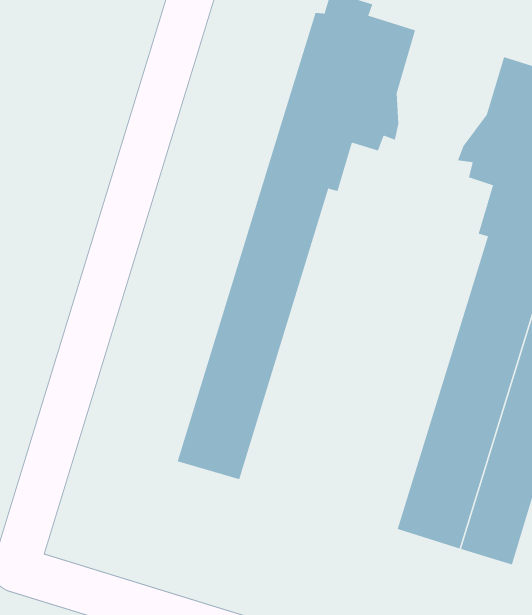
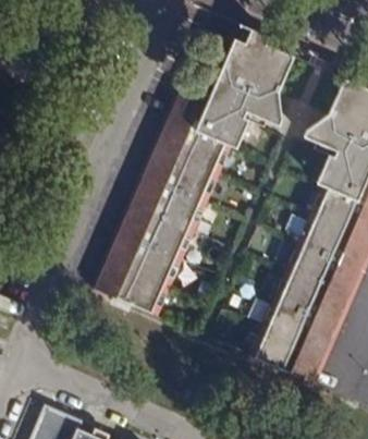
building: none -> [91,92,208,304]

